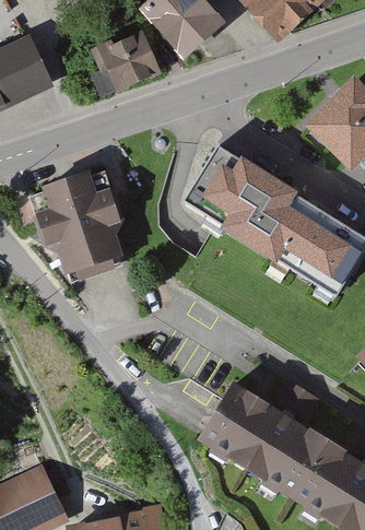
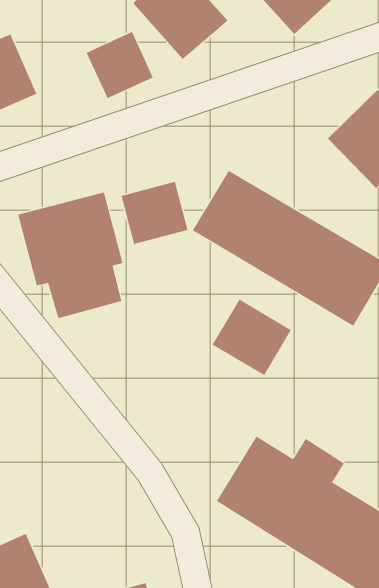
building: none -> [120,181,188,245]
building: none -> [212,298,292,376]

